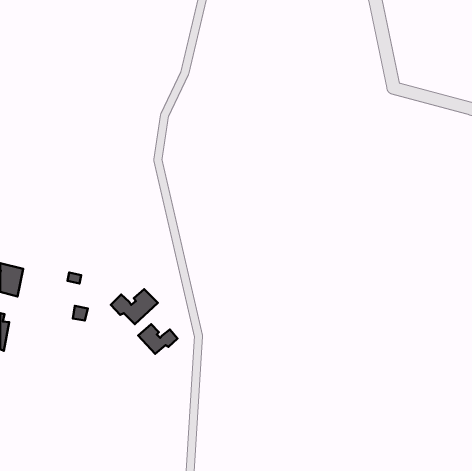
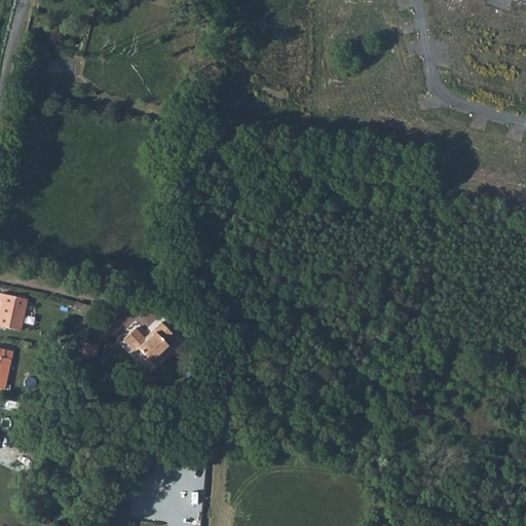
building: [138,324,177,354] -> none

